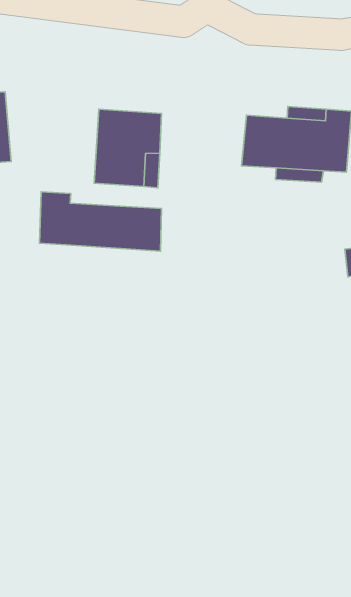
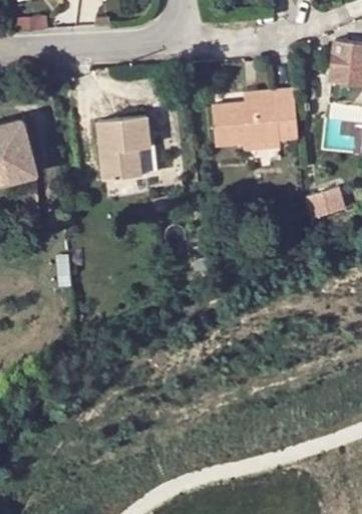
building: [40,192,161,251] -> none

